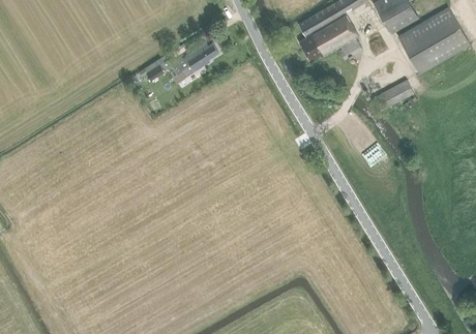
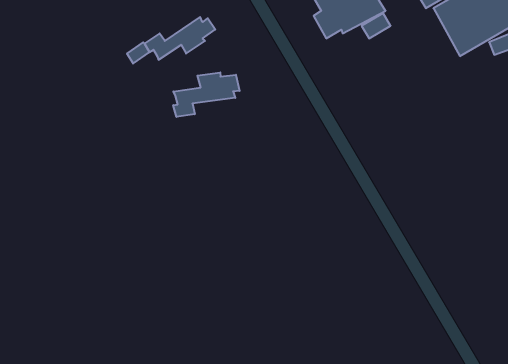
building: [377,80,414,109] -> none
building: none -> [173,72,240,117]

